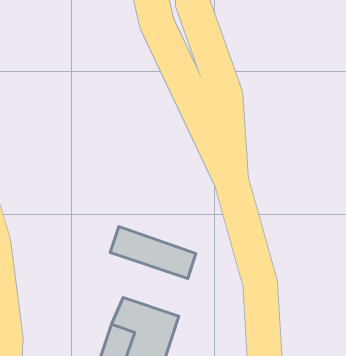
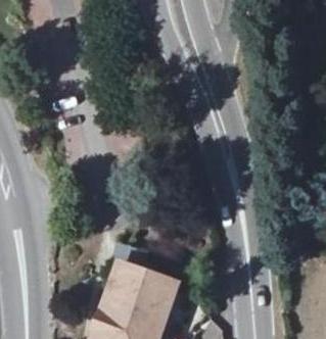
building: [110,226,196,278] -> none

